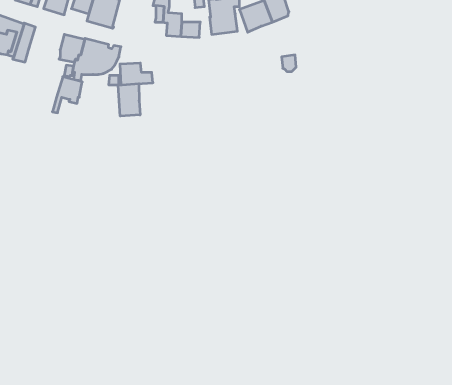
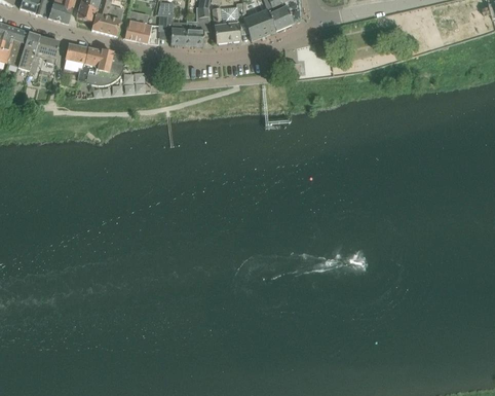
building: none -> [124,19,152,42]
building: [52,77,82,113] -> [30,35,60,71]
building: [118,84,140,116] -> none

